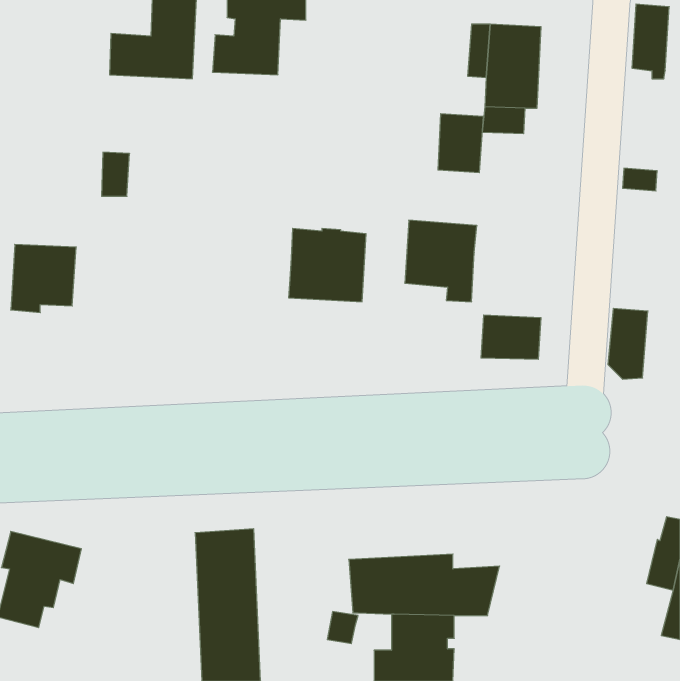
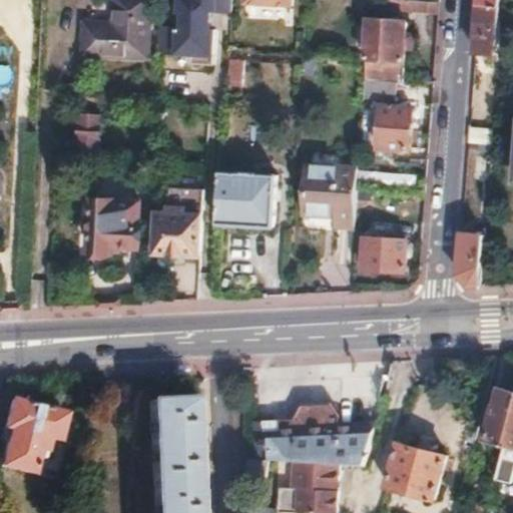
building: [438,114,483,173] -> [378,105,412,149]
building: [11,244,76,313] -> [89,200,138,251]
building: none -> [154,188,217,255]
building: none -> [380,441,448,499]

